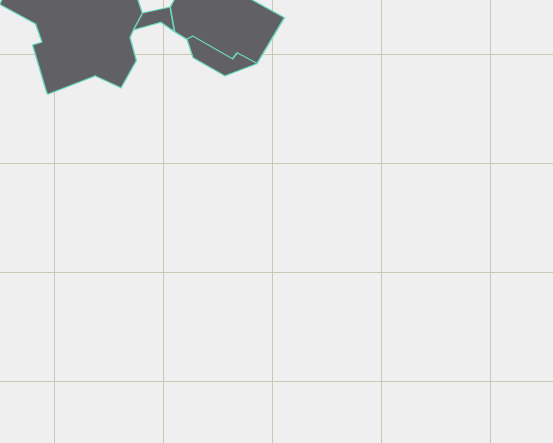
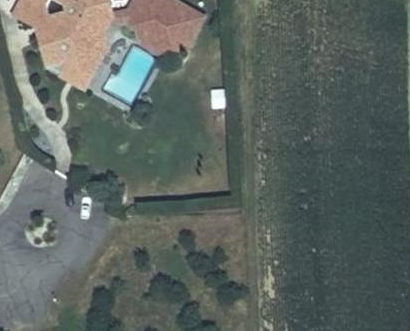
building: none -> [50,57,98,88]

